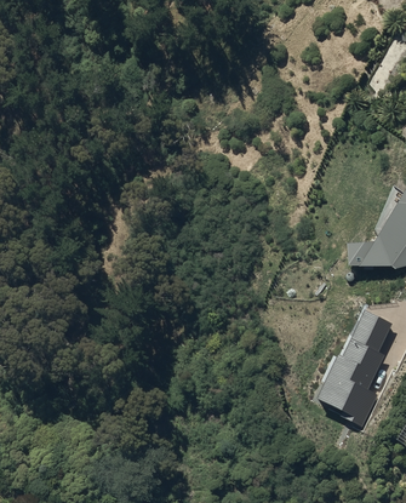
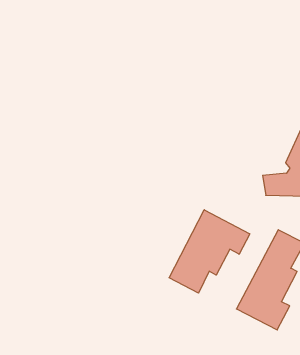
building: none -> [169,210,250,293]

